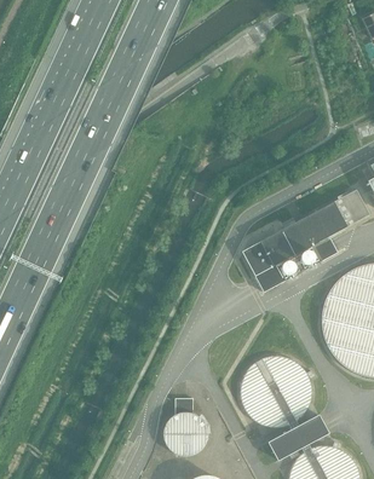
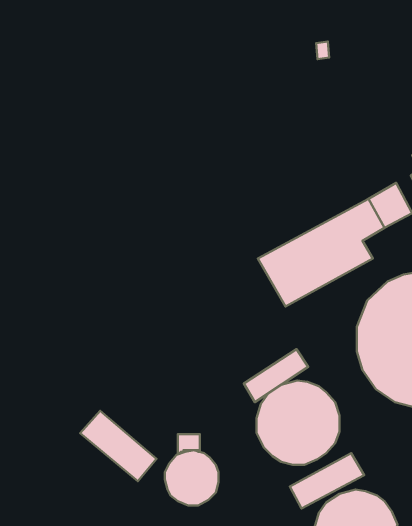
building: none -> [244,349,308,402]
building: none -> [80,411,156,481]

